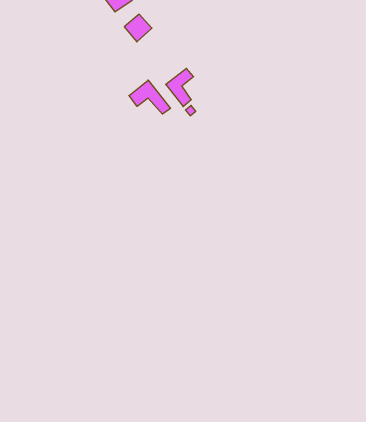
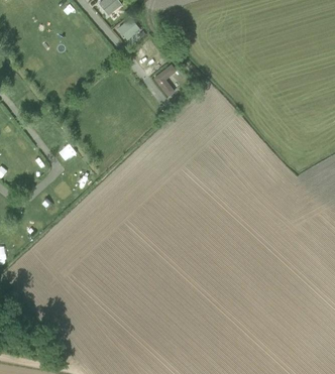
building: [129,80,170,114] -> none

